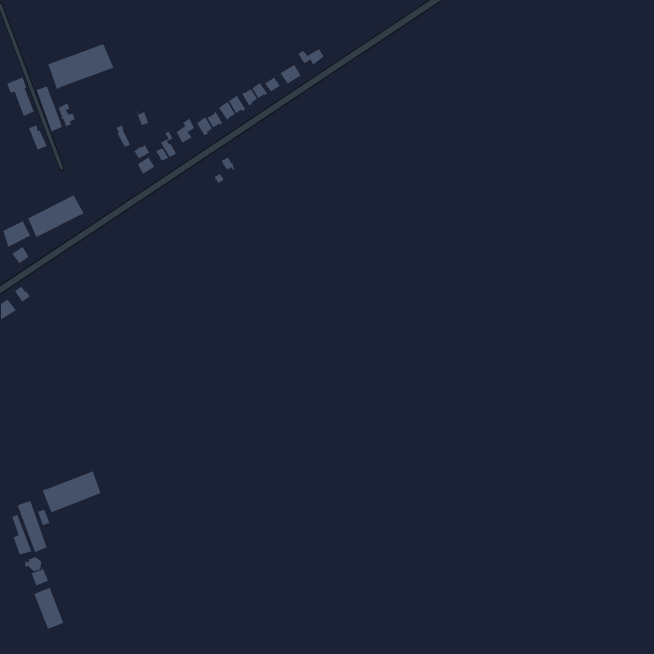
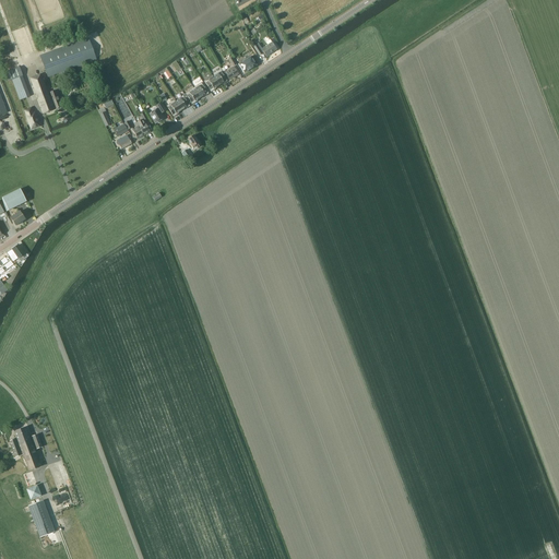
building: [27,194,84,238] -> none
building: [42,470,101,513] -> none

